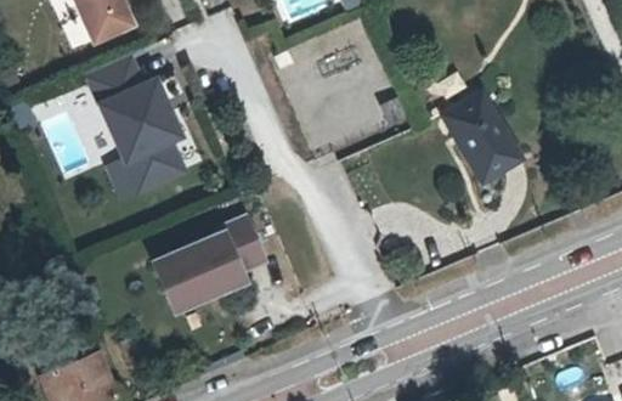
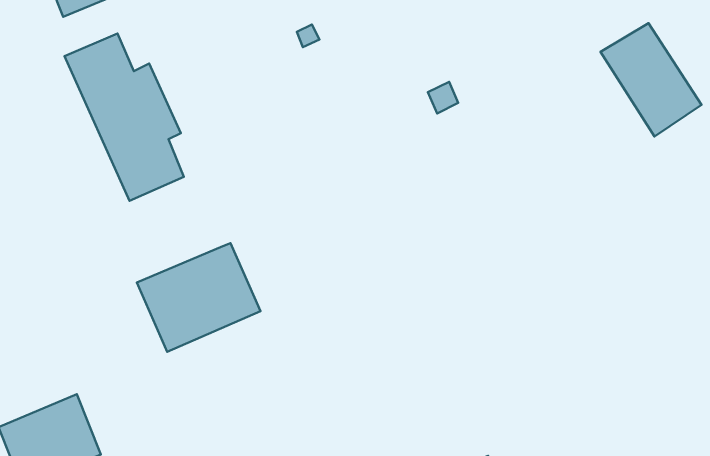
building: [440,90,521,181] -> [600,23,701,136]
building: [215,213,266,271] -> none

